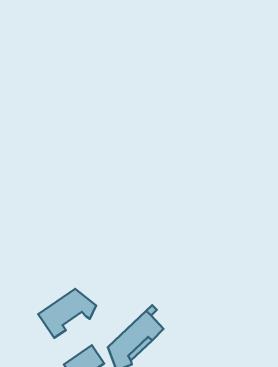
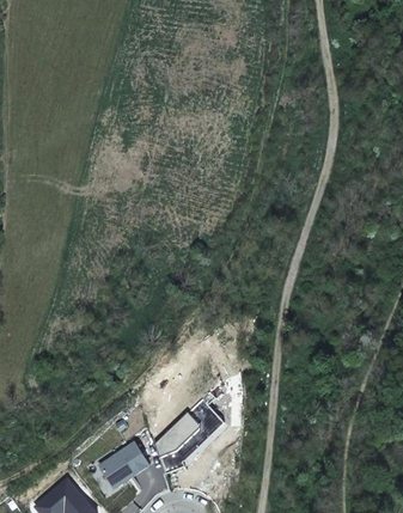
building: [38,289,96,338] -> none

